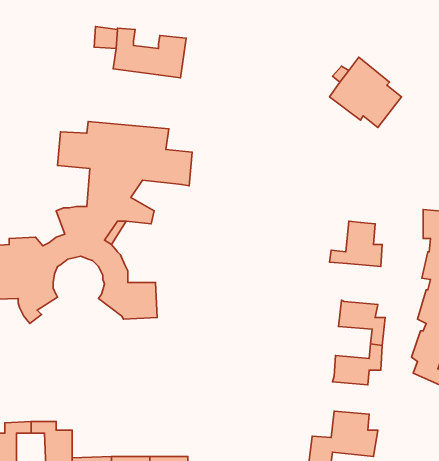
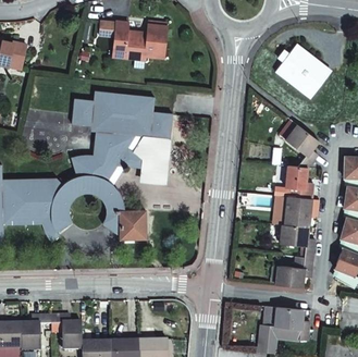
building: none -> [286,125,319,168]
building: none -> [126,135,164,184]
building: none -> [285,197,312,227]

